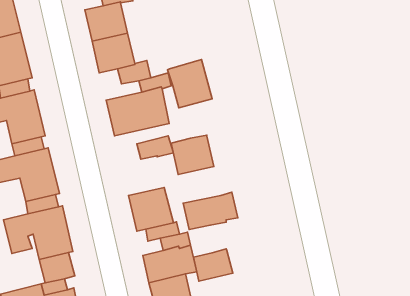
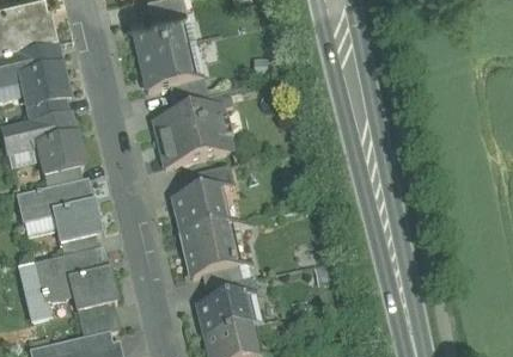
building: [167,60,212,108] -> none
building: [171,135,214,175] -> [172,189,222,235]
building: [183,192,238,230] -> none
building: [194,249,233,281] -> none

